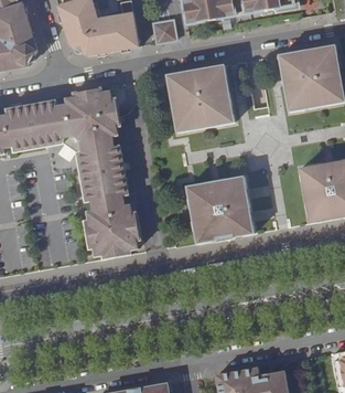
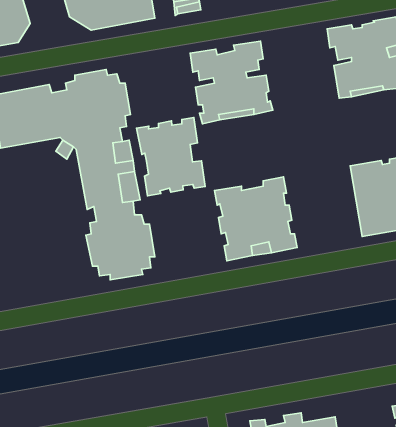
building: none -> [137,117,205,196]

